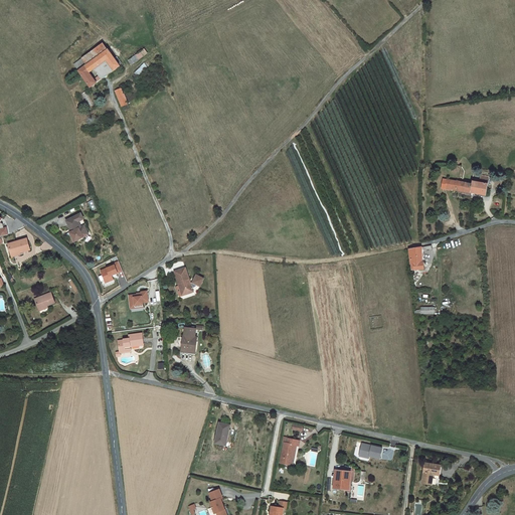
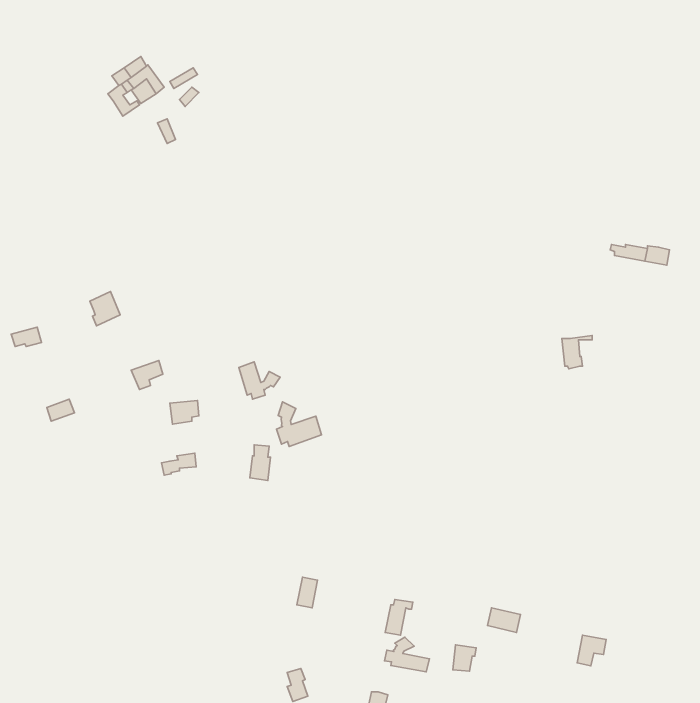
building: none -> [276,402,321,447]
building: none -> [385,637,429,672]

